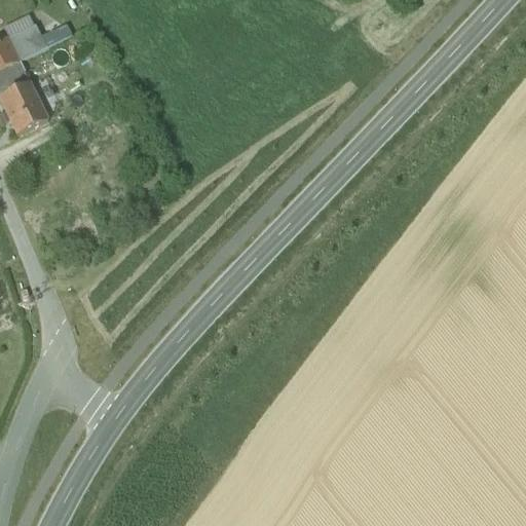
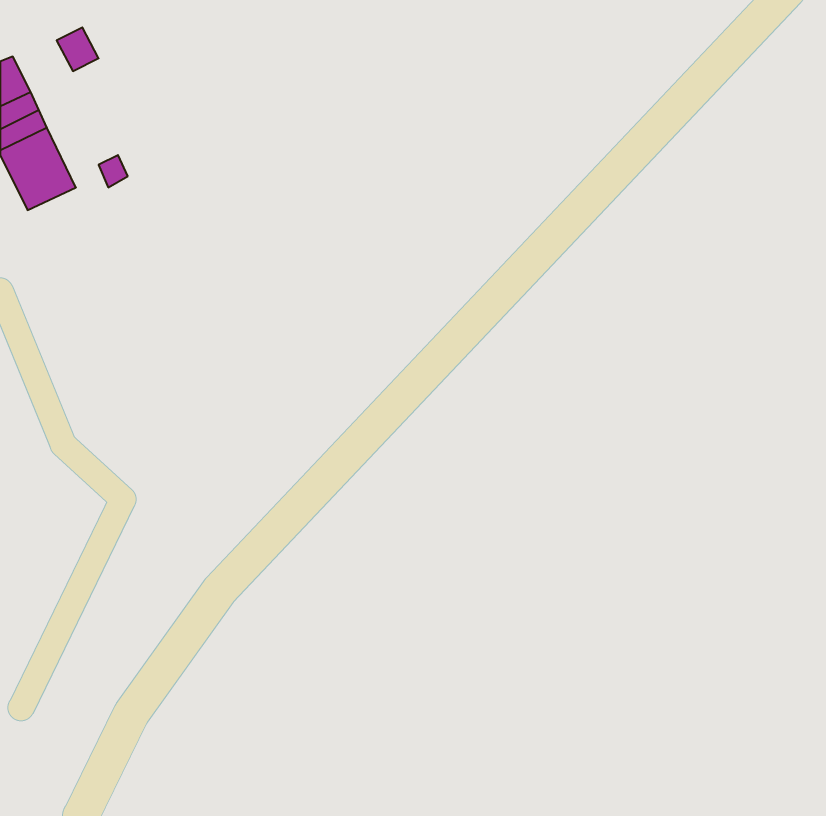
building: [8,24,46,59] -> none

